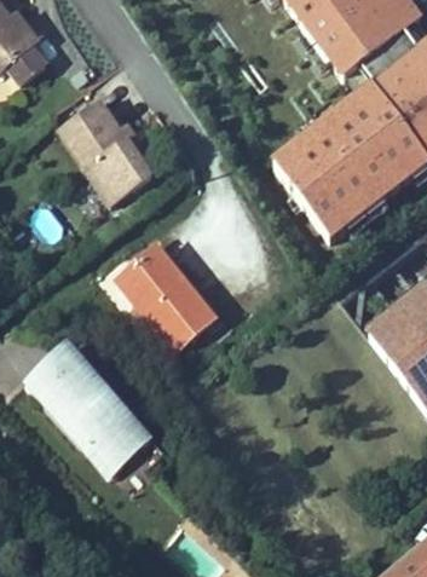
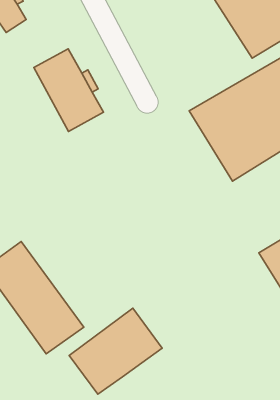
building: [116,246,214,347] -> none
building: none -> [69,308,162,394]

